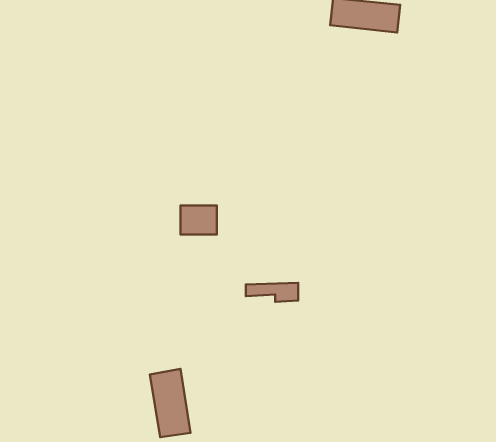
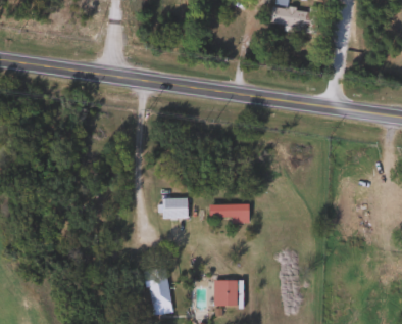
building: [180,206,217,235] -> [162,197,188,218]
building: none -> [214,280,239,306]

